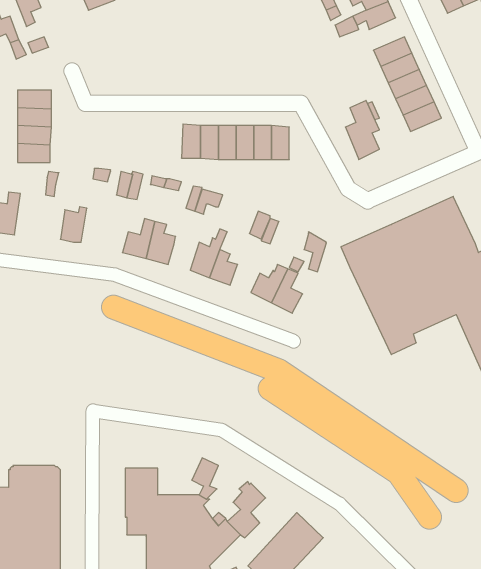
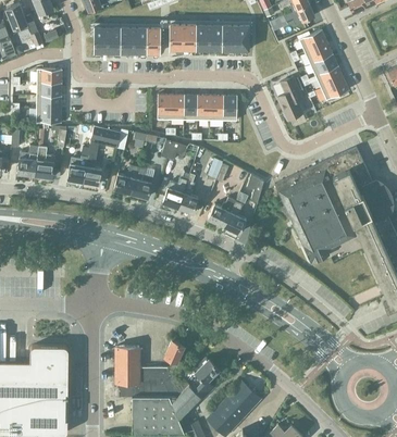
building: none -> [169,24,249,50]
building: none -> [94,26,160,53]
building: none -> [83,138,101,185]
building: none -> [34,146,54,178]

